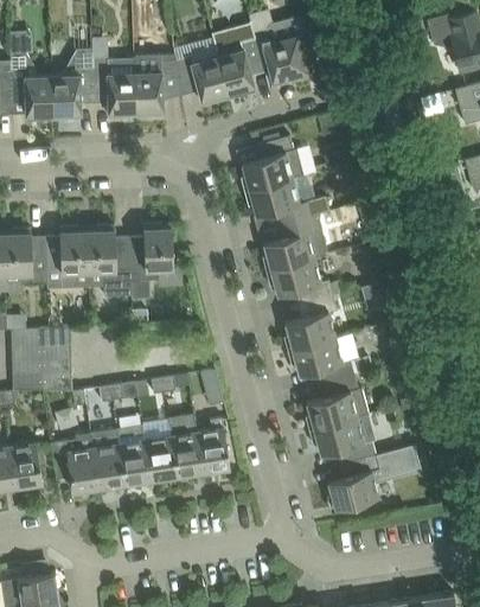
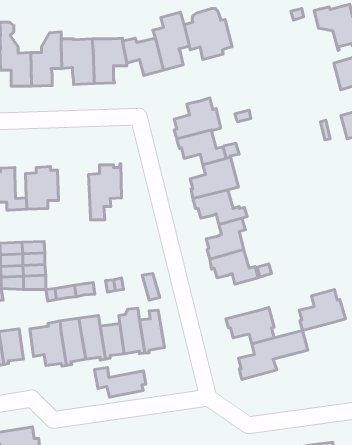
building: [87,226,130,296] -> none
building: [306,376,367,430] -> [299,290,345,331]
building: none -> [94,367,146,397]

